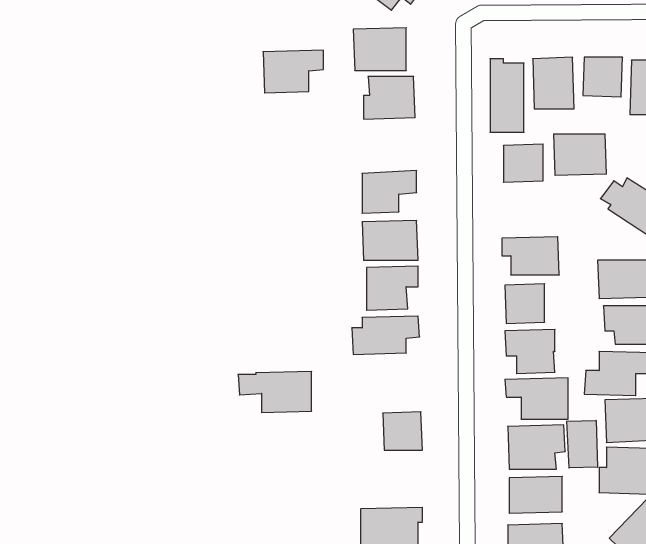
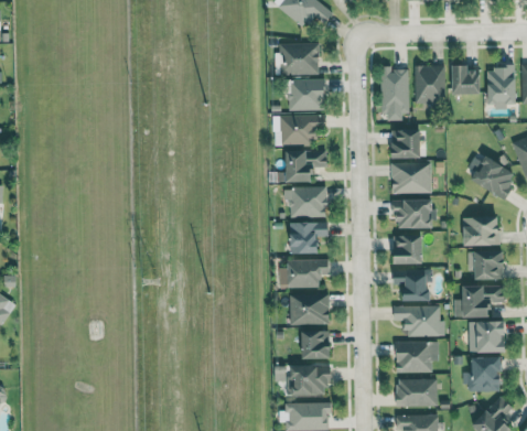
building: [263,50,323,93] -> [281,115,326,147]
building: [554,134,606,175] -> [391,163,431,194]
building: none -> [289,293,330,325]
building: [238,371,312,413] -> [275,365,330,396]
building: [567,420,597,468] -> none

